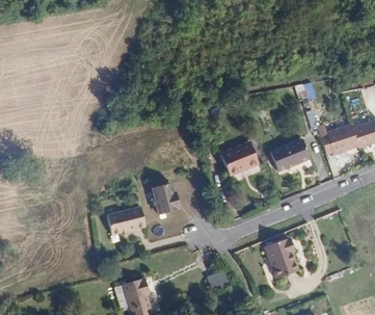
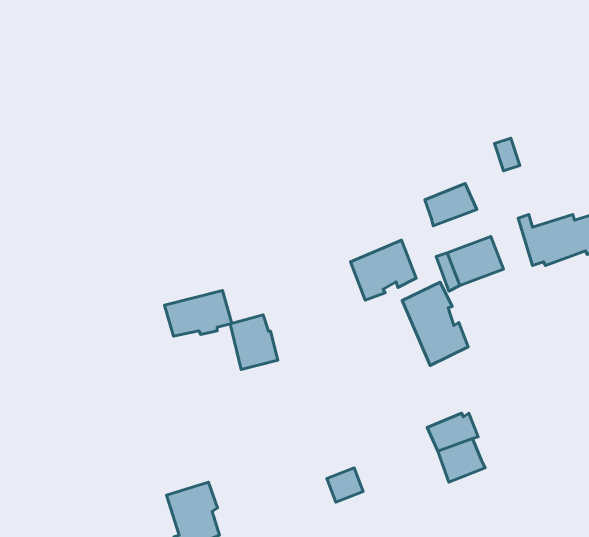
building: none -> [425,184,477,226]
building: none -> [402,282,468,366]
building: [109,208,148,234] -> [164,291,232,336]

